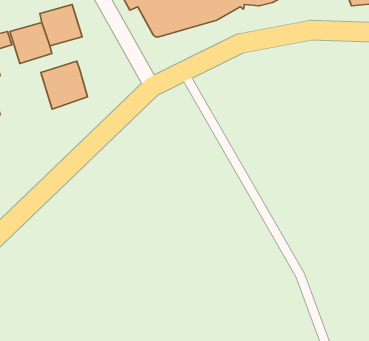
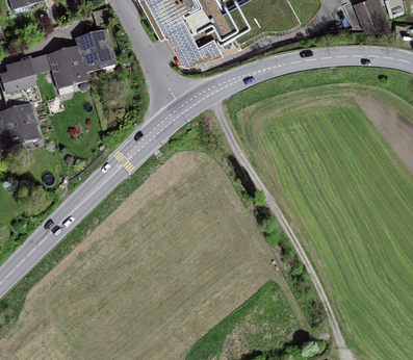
building: [41,61,87,109] -> none

